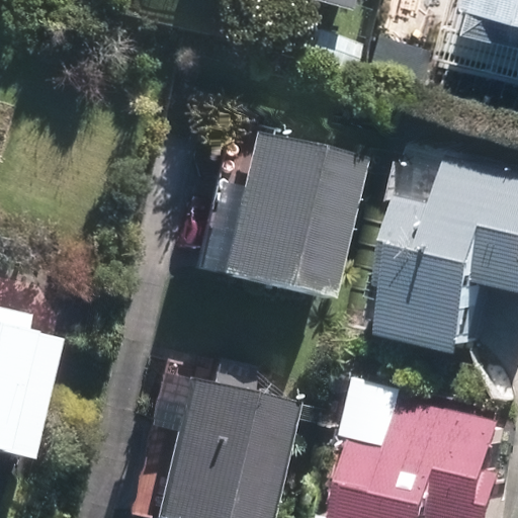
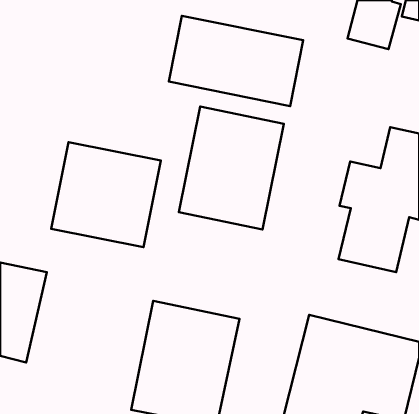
building: none -> [169,16,303,106]
building: none -> [51,142,161,247]

